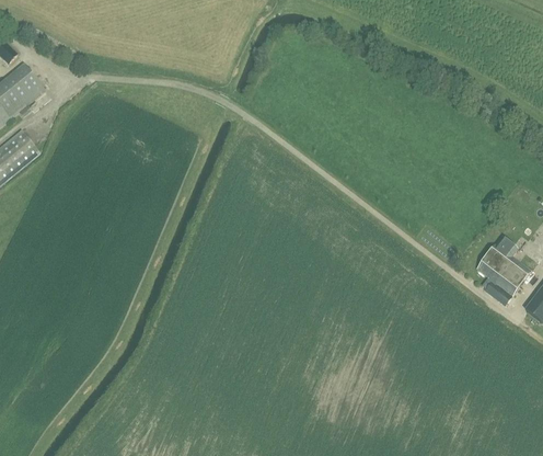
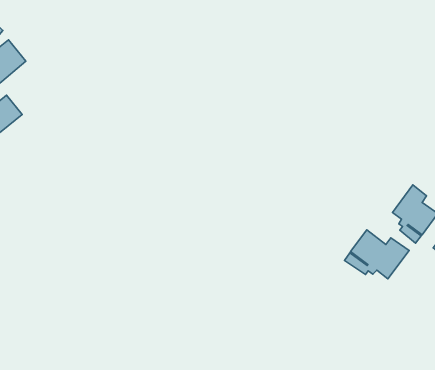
building: none -> [344,230,409,279]

